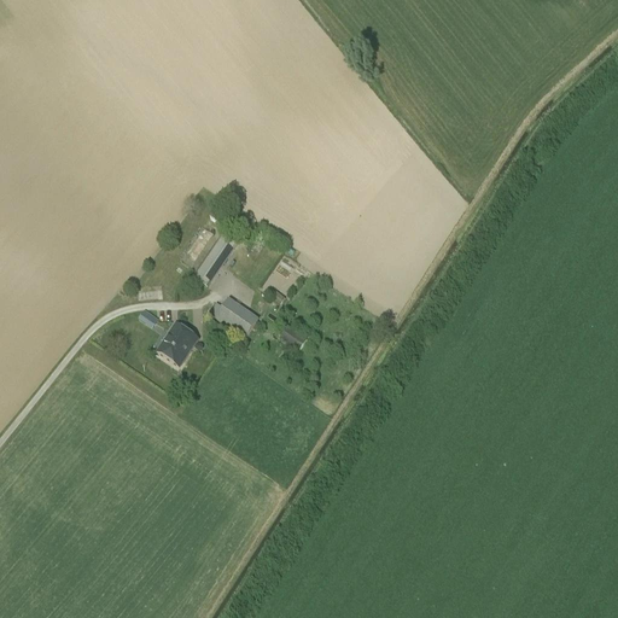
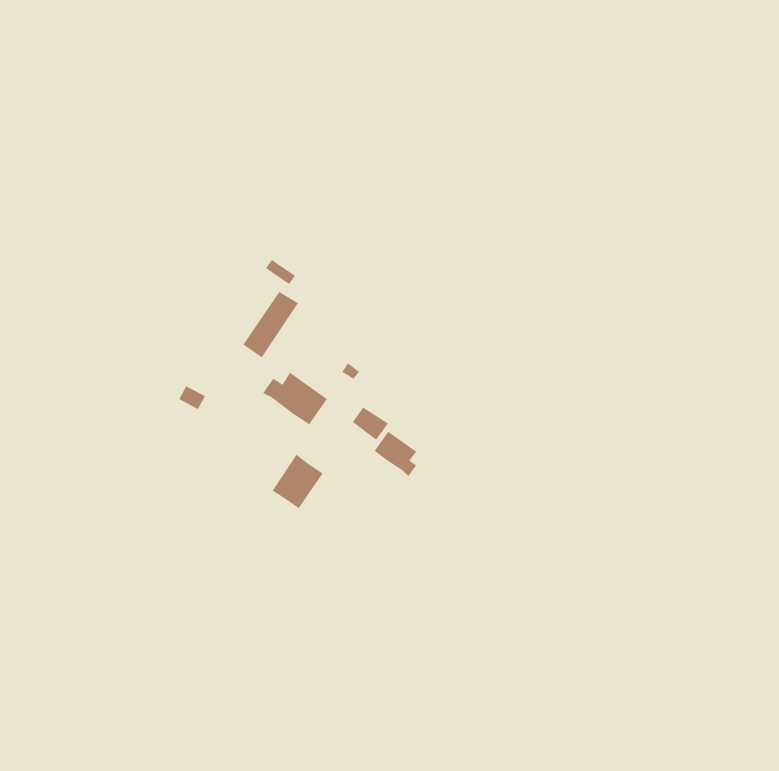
building: [157,320,198,363] -> [272,454,324,509]
building: none -> [374,431,417,477]

